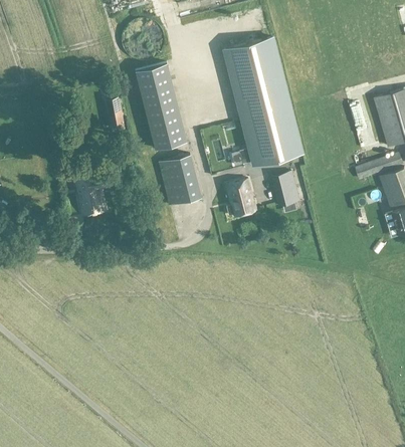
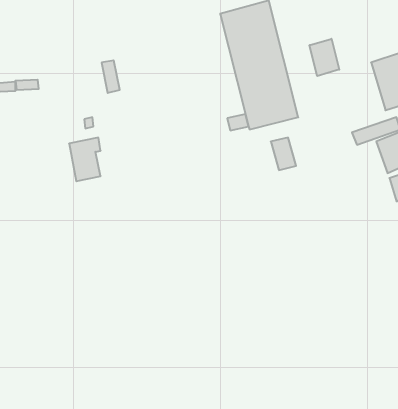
building: [136,64,188,151] -> none
building: none -> [310,39,339,76]
building: [159,156,202,207] -> none
building: [226,181,257,218] -> none

